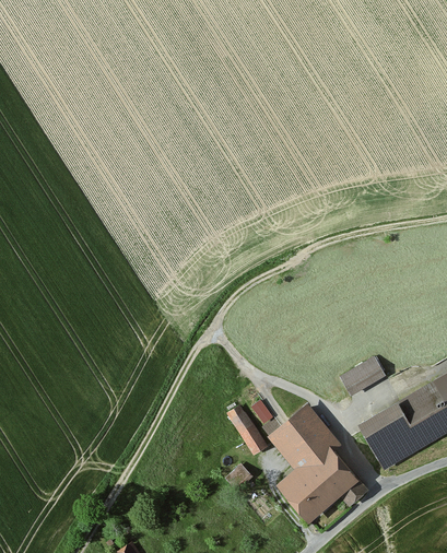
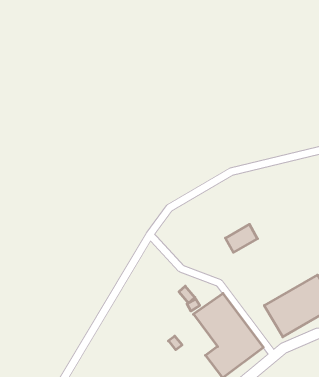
building: [340,356,384,395] -> [225,224,258,252]
building: [226,407,266,452] -> none

